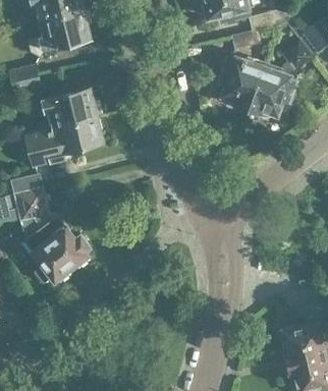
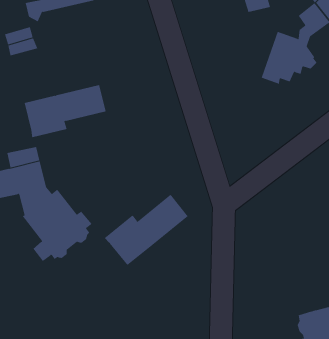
building: [216,60,263,110] -> none
building: [40,85,97,126] -> none
building: none -> [104,194,189,266]

